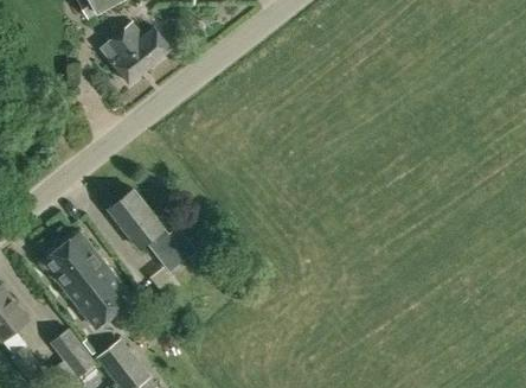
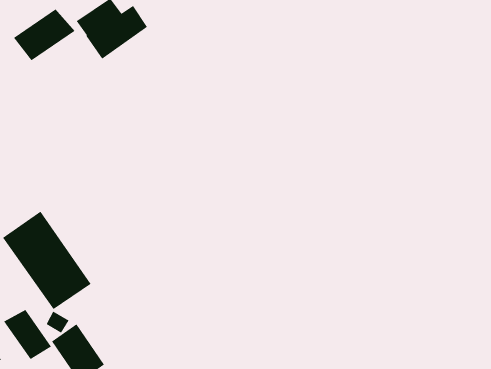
building: none -> [13,8,76,61]
building: [108,187,195,271] -> none

